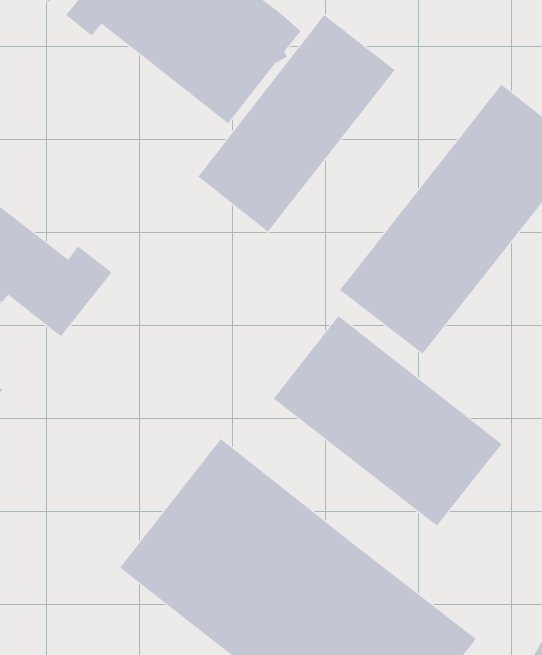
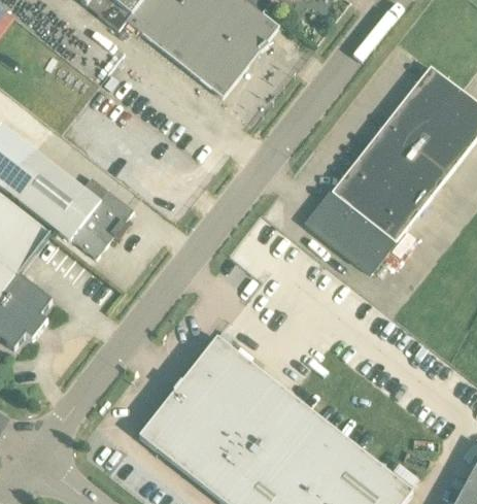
building: [197,14,395,232] -> none
building: [273,315,503,526] -> none

